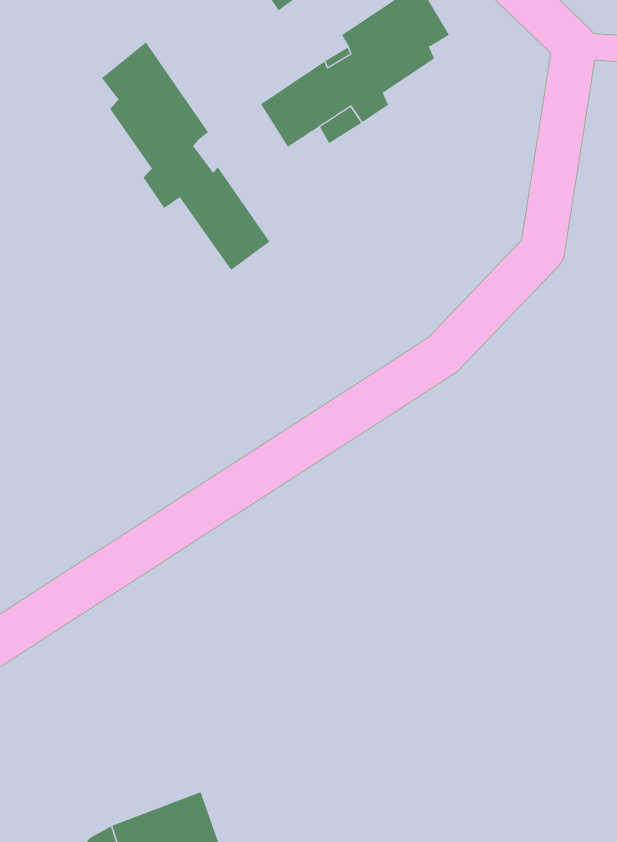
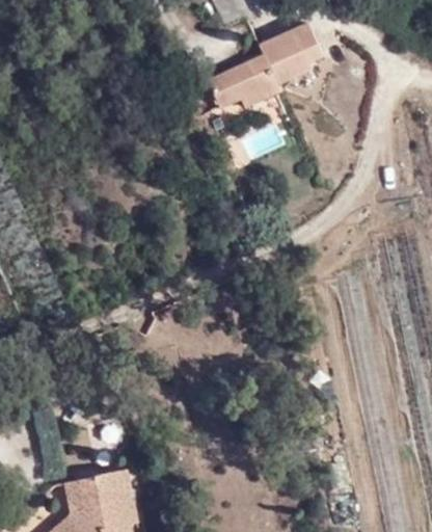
building: [101,42,270,271] -> none

